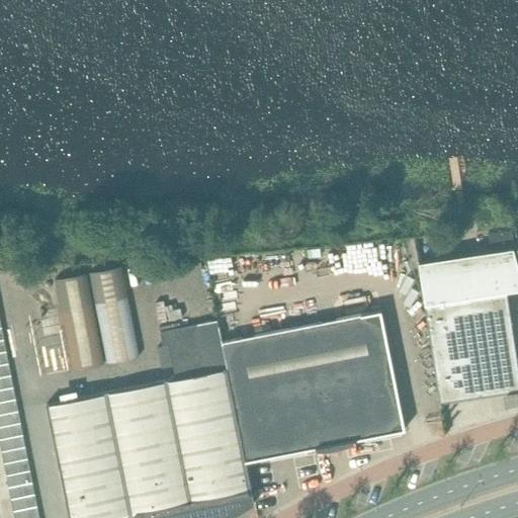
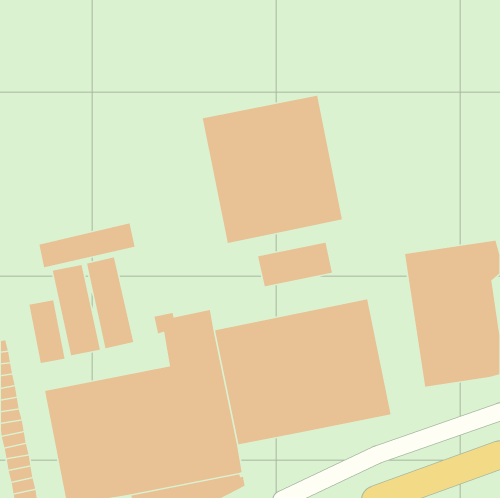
building: none -> [202,95,343,244]
building: none -> [38,223,135,268]
building: none -> [257,242,333,287]

